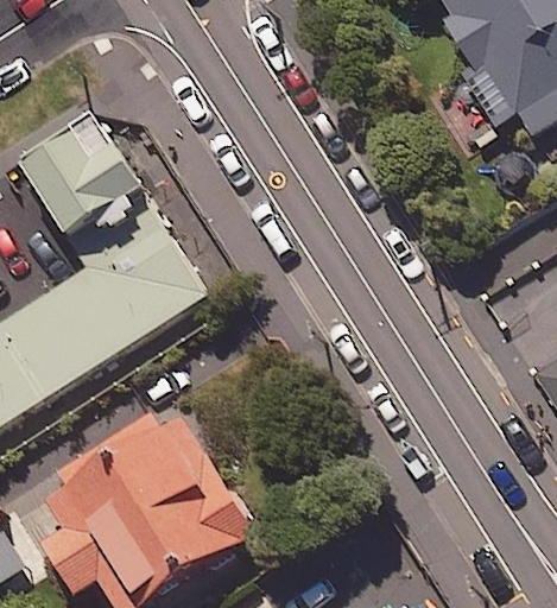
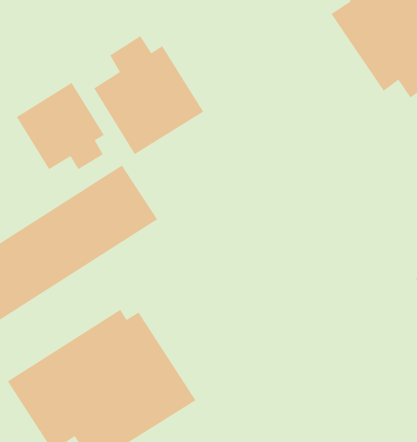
building: none -> [93,35,204,155]

